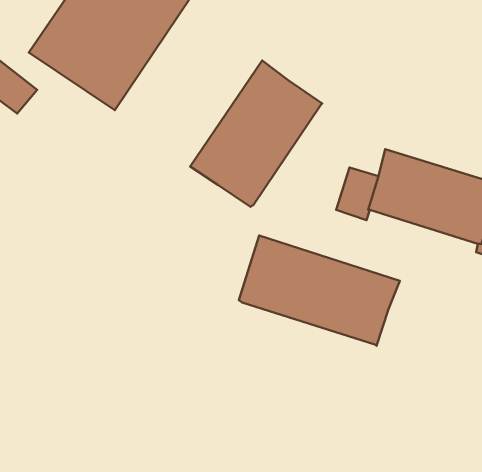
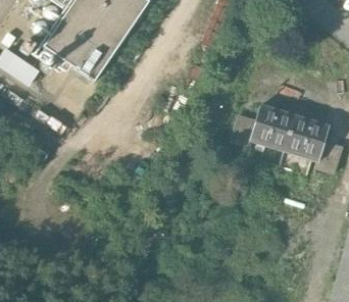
building: [190,60,322,207] -> none
building: [239,236,400,346] -> none

